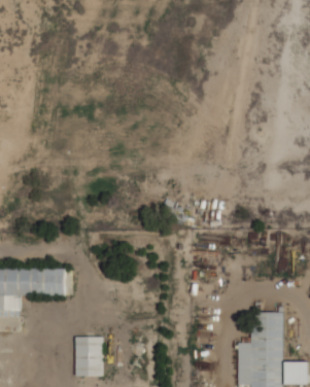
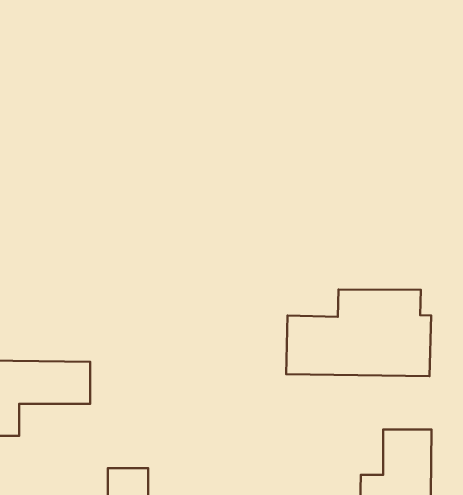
building: none -> [286,290,431,376]

